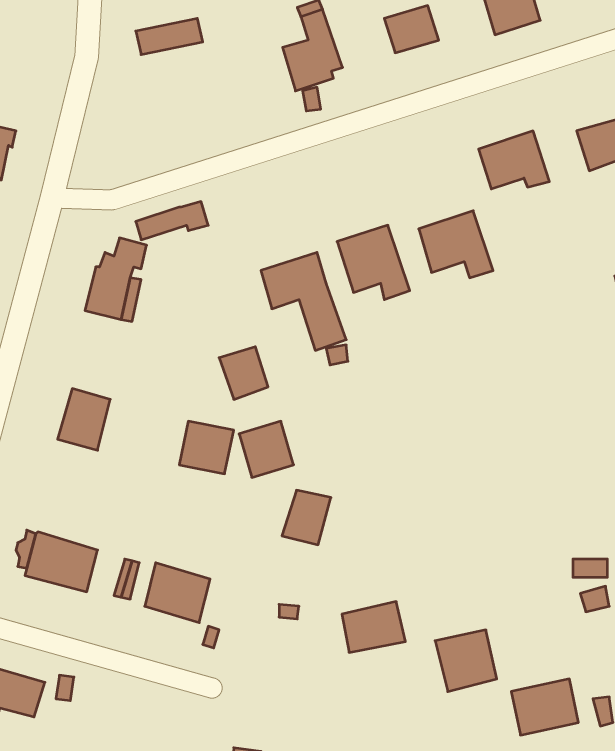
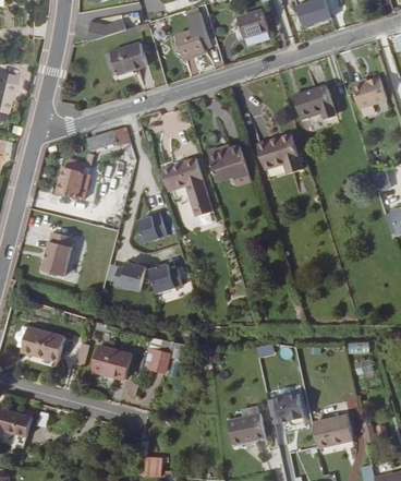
building: none -> [110,41,147,74]
building: [282,490,331,545] -> [143,338,172,371]
building: [342,602,405,652] -> [228,412,266,443]

